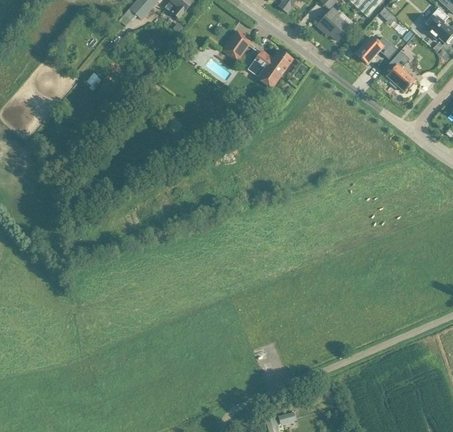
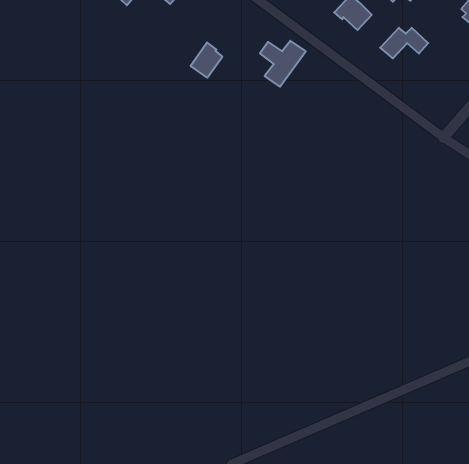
building: [223,30,250,60] -> [191,42,222,78]
building: [382,50,414,91] -> none

